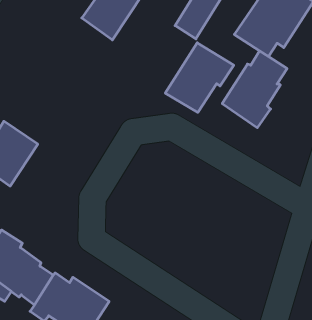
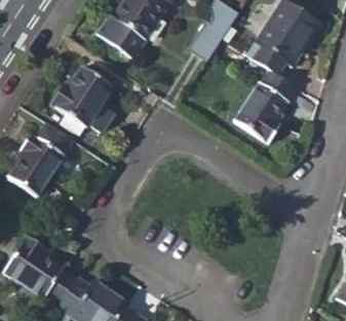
building: [165,43,234,112] -> none
building: none -> [51,66,113,126]

